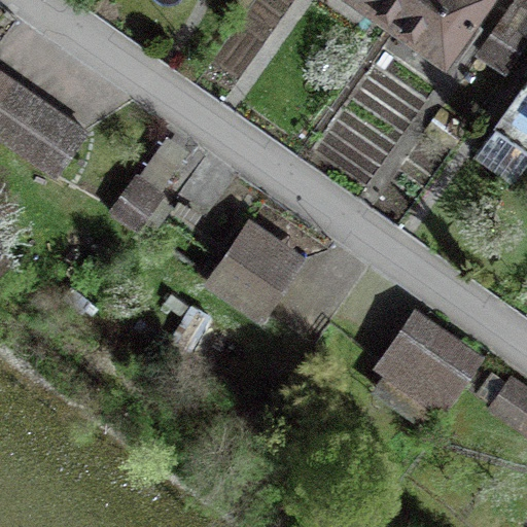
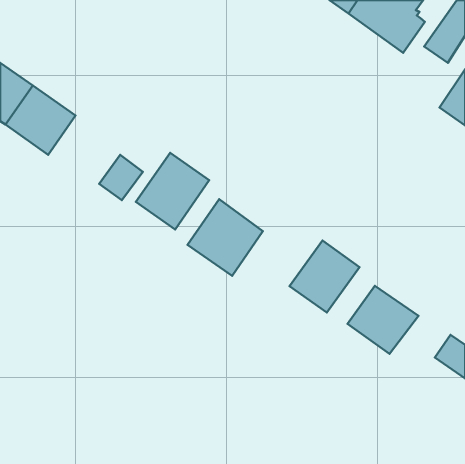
building: none -> [136,153,209,229]
building: none -> [290,241,359,313]

